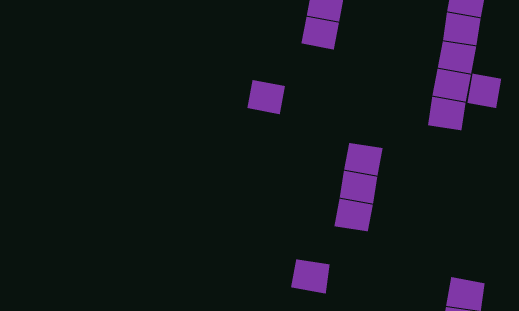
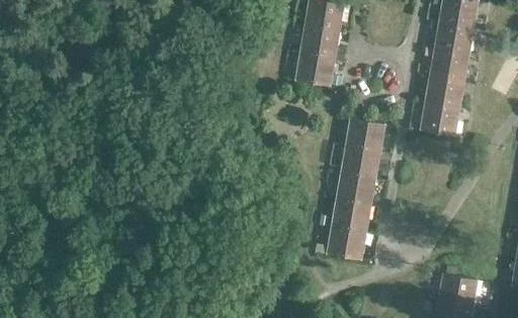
building: [467,73,502,109] -> none
building: [246,80,286,115] -> [294,53,332,86]
building: none -> [345,120,383,152]
building: [290,259,331,294] -> [326,227,364,260]

